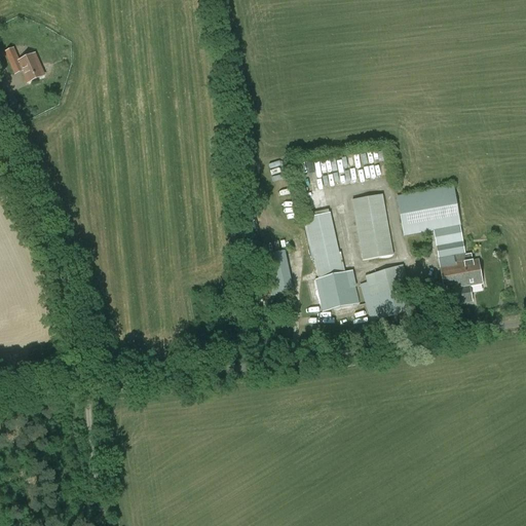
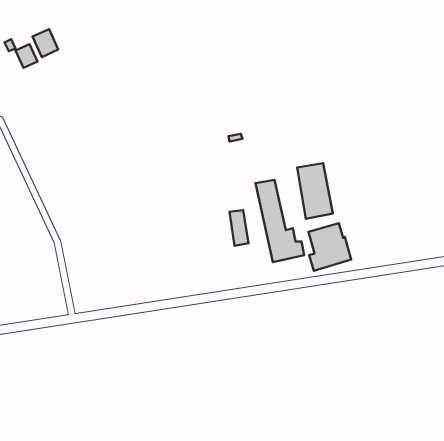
building: none -> [33,29,58,57]
building: [397,184,483,304] -> none

